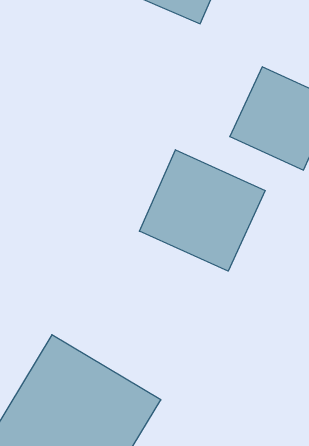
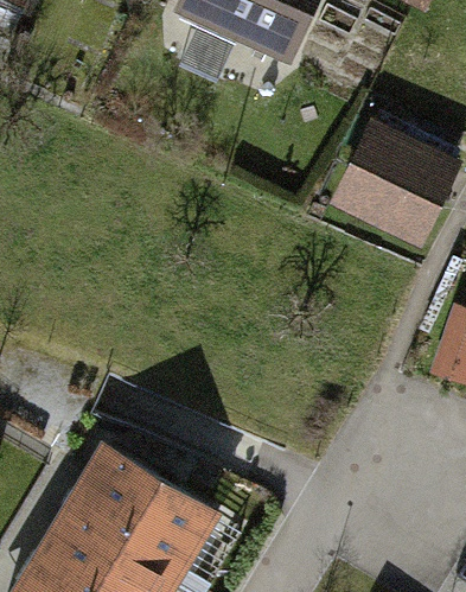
building: [139,150,265,271] -> none

